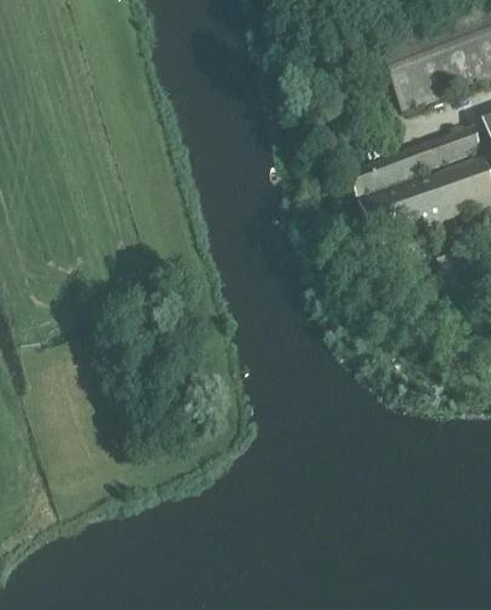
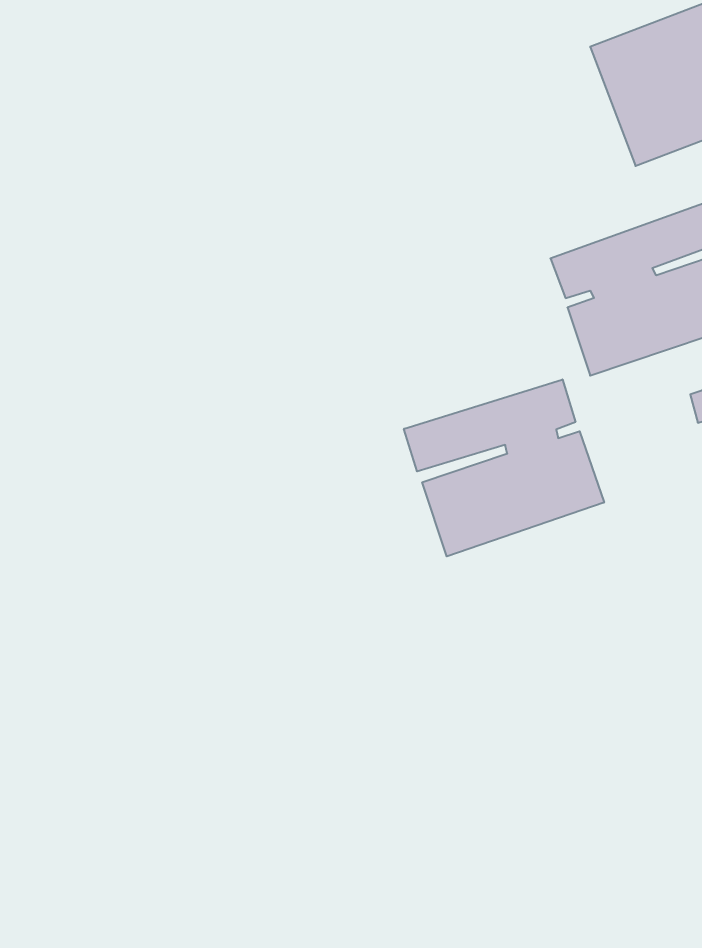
building: none -> [404,379,604,556]

